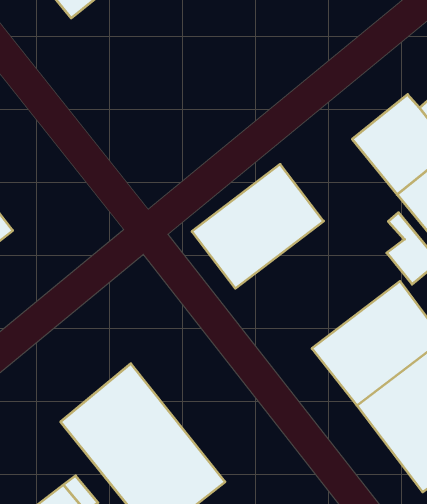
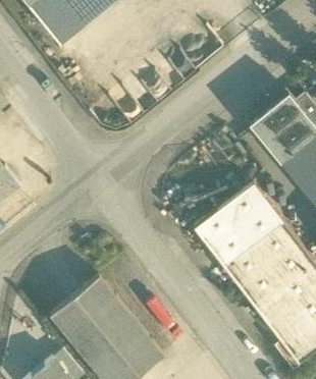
building: [192,164,324,288] -> [193,182,282,267]

